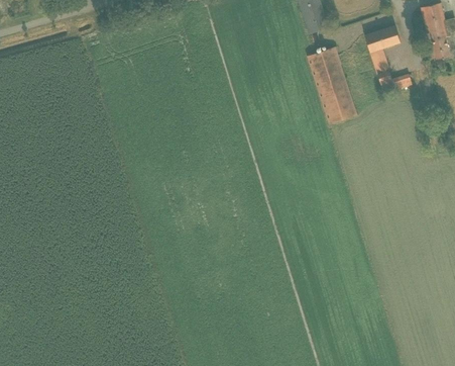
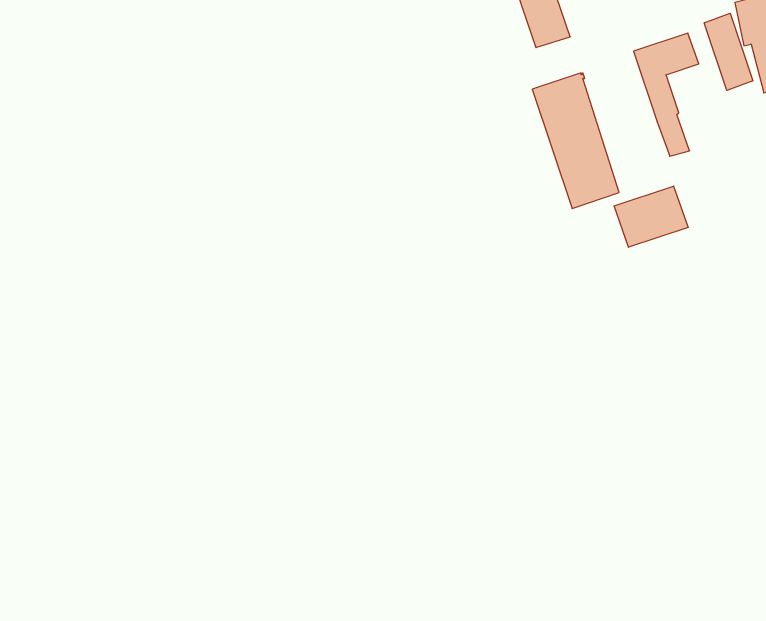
building: none -> [704,13,753,90]
building: none -> [614,186,688,247]

